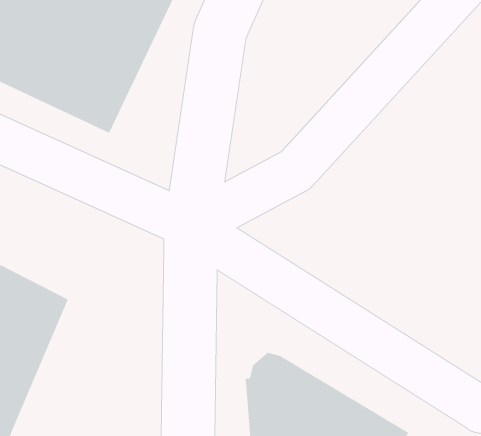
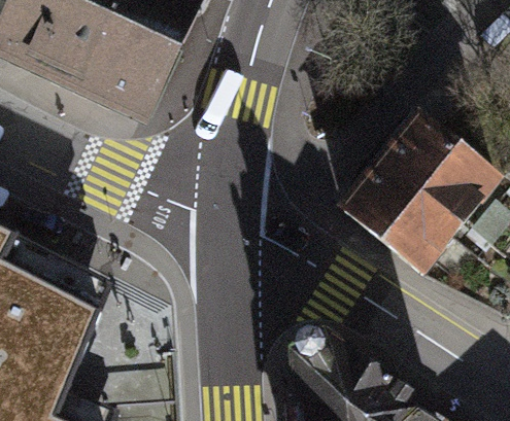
building: none -> [341,118,496,275]

